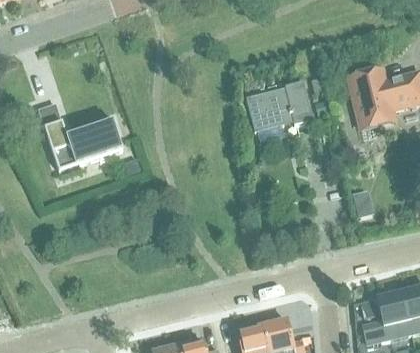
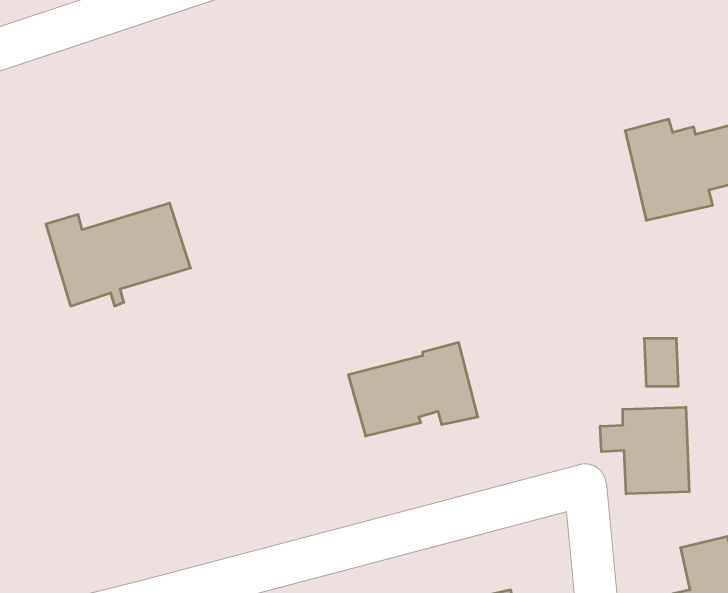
building: [246,82,314,131] -> [348,343,478,436]
building: none -> [600,407,689,494]

